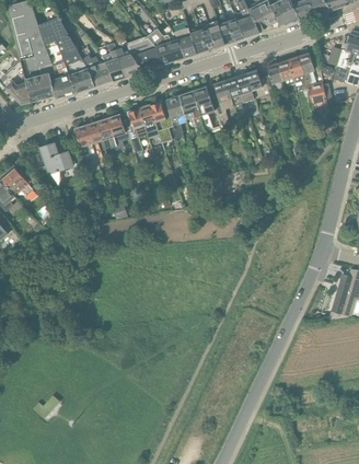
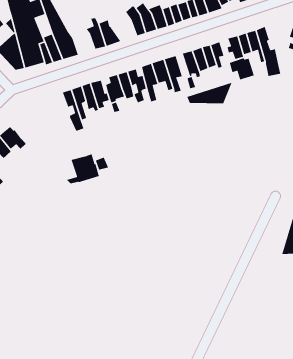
building: [127,36,160,70] -> none
building: [81,55,112,86] -> none
building: none -> [229,57,255,80]
building: none -> [186,82,232,104]
building: [33,139,72,175] -> [66,153,100,184]

